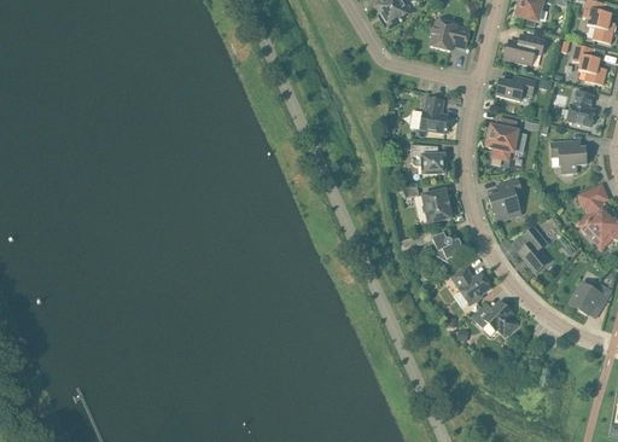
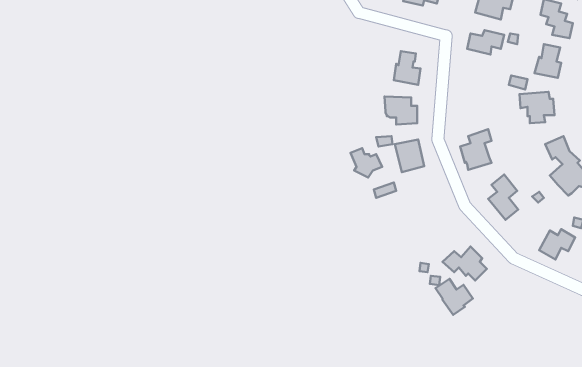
building: [486,117,527,158] -> none
building: [432,232,465,262] -> [351,148,382,177]
building: [451,266,490,303] -> [436,279,473,315]

